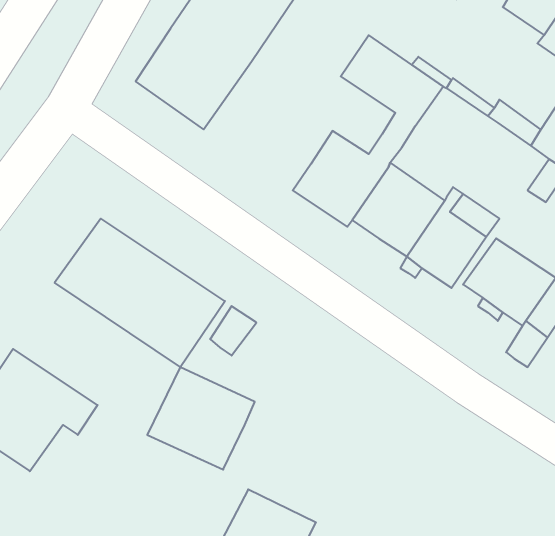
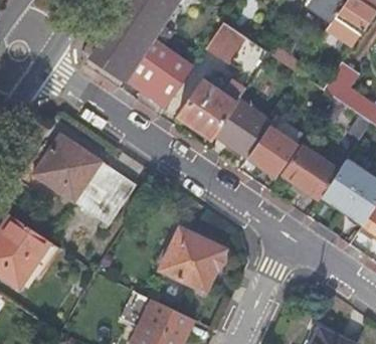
building: none -> [125,38,195,108]
building: [147,367,255,470] -> [159,228,224,291]

